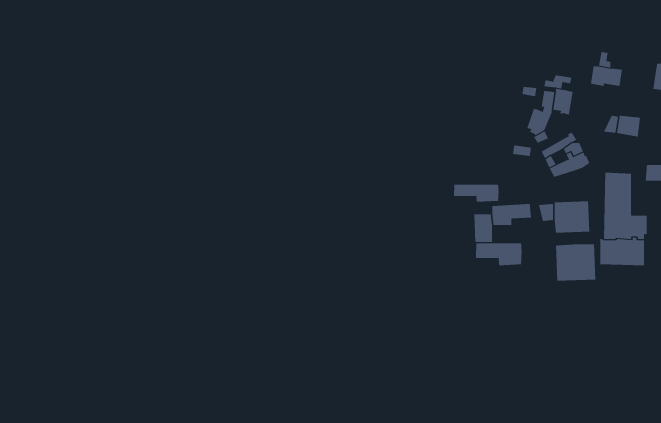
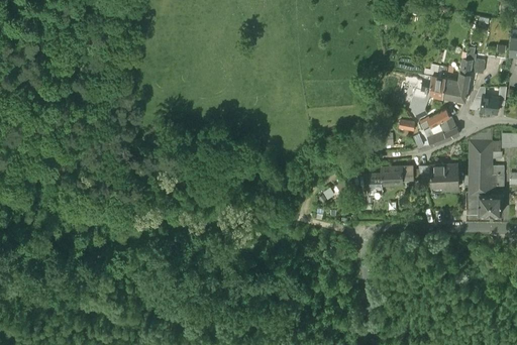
building: none -> [443,72,471,100]
building: [454,184,499,203] -> none
building: [475,242,522,266] -> none
building: [555,244,596,282] -> none

